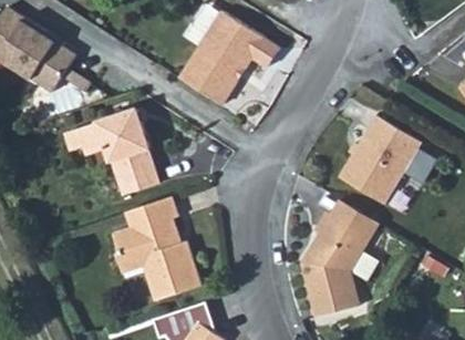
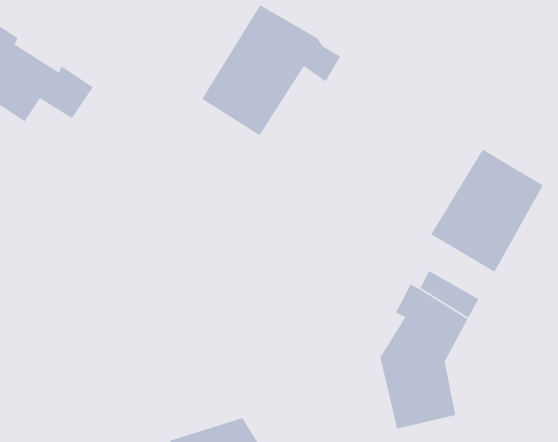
building: [61,107,154,193] -> none
building: [112,198,198,296] -> none

